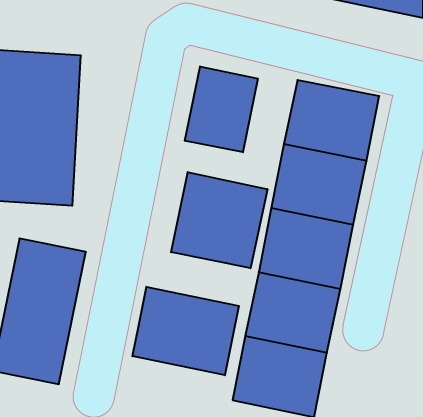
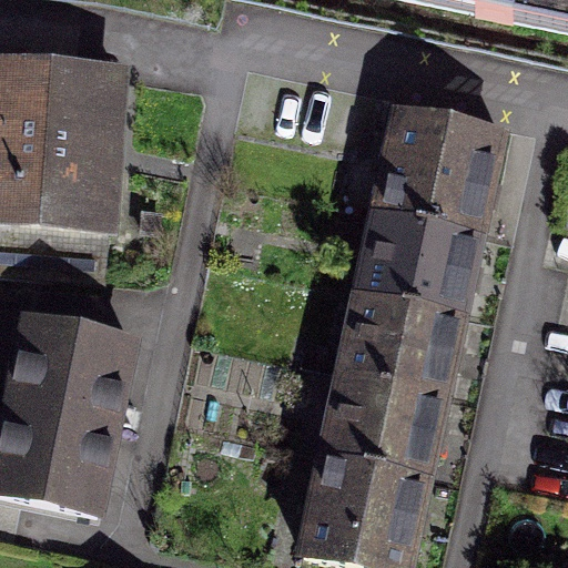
building: [185,66,258,152] -> none
building: [171,172,267,268] -> none
building: [132,287,239,375] -> none

